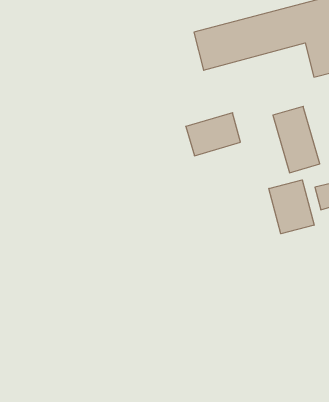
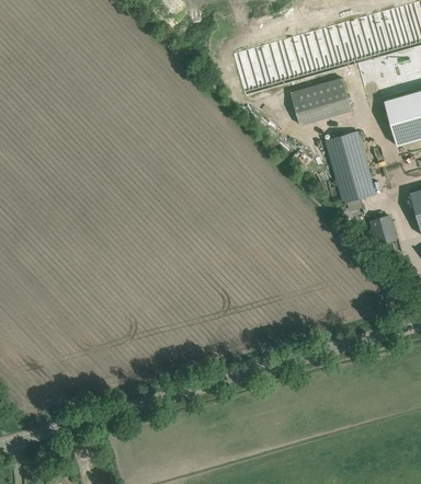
building: [186,113,240,156] -> [291,78,352,126]
building: [269,180,314,234] -> none

